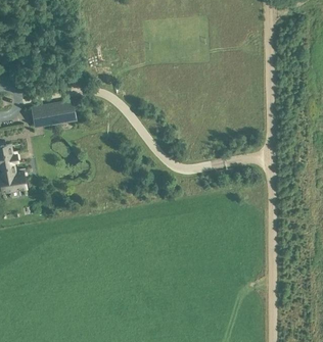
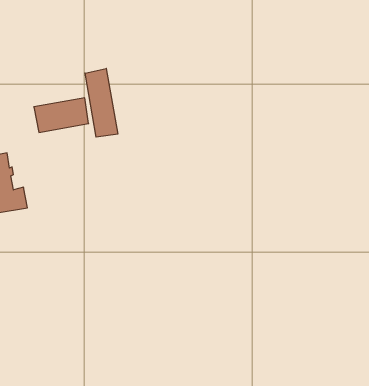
building: none -> [85,68,118,137]

